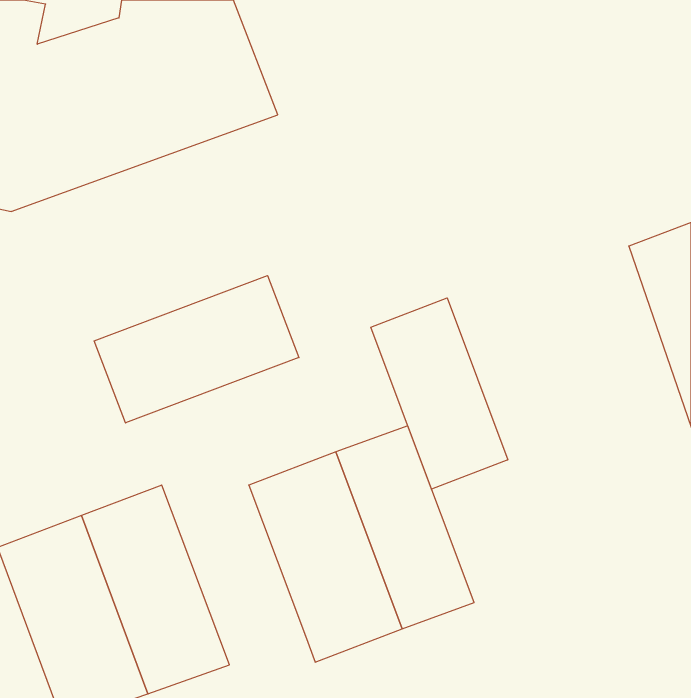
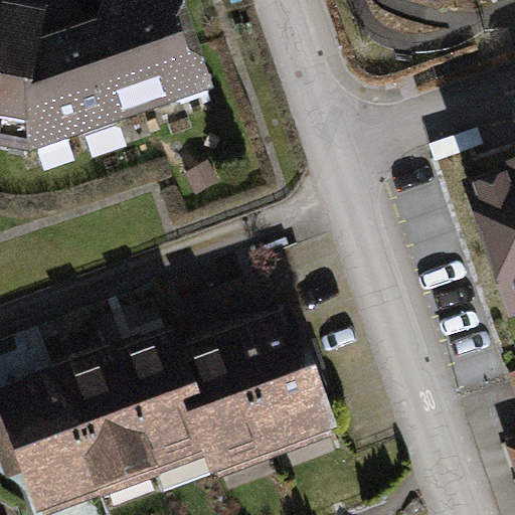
building: [94,276,299,423] -> none
building: [371,298,508,489] -> none
building: none -> [118,339,222,490]

